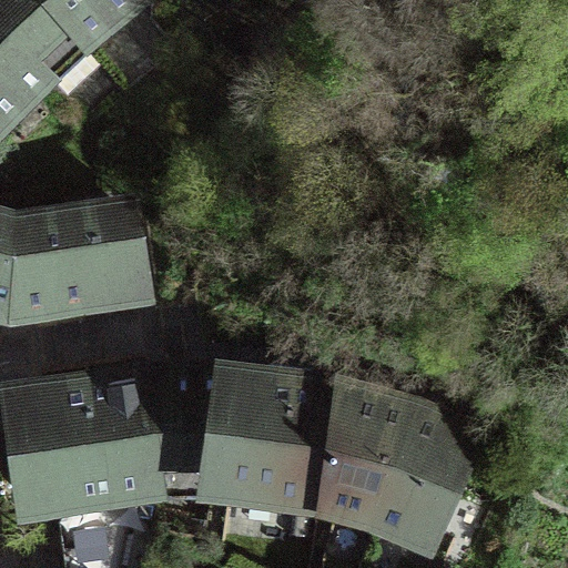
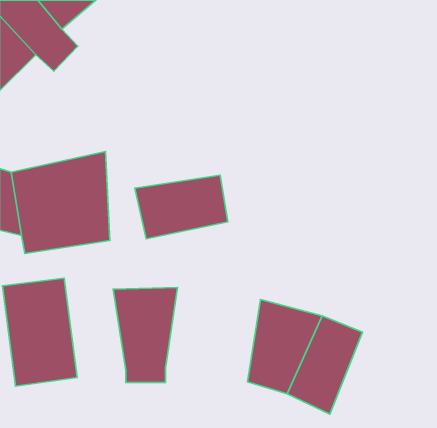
building: none -> [135,175,228,239]
building: [83,366,163,501] -> none
building: [214,385,337,507] -> none

